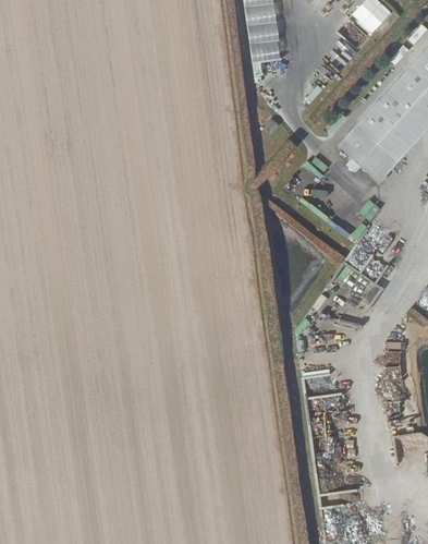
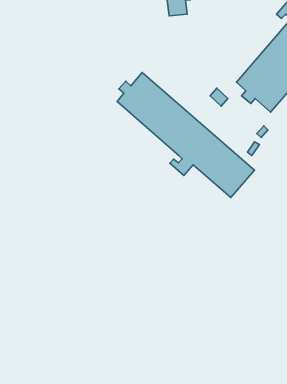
building: none -> [117,73,254,197]

